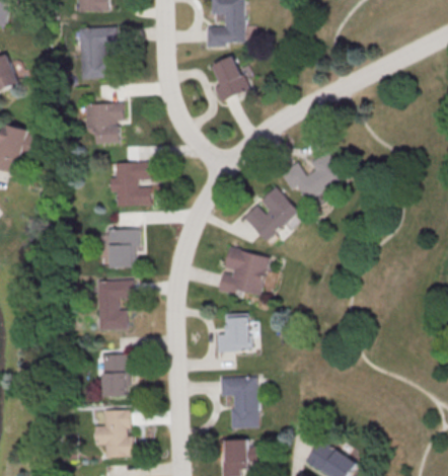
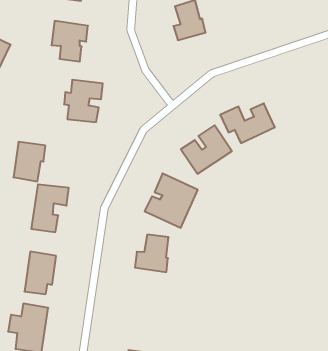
building: [108,228,139,267] -> [13,142,45,181]
building: [219,376,257,428] -> none

